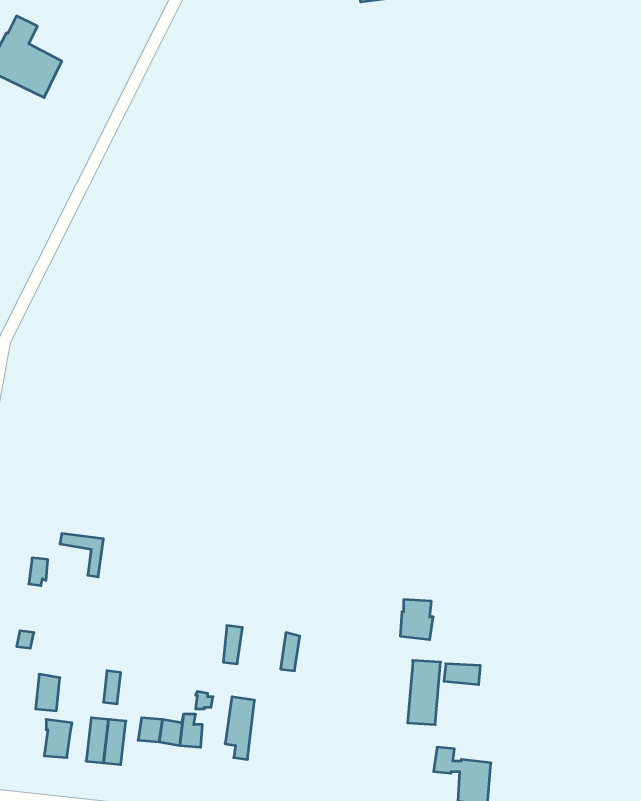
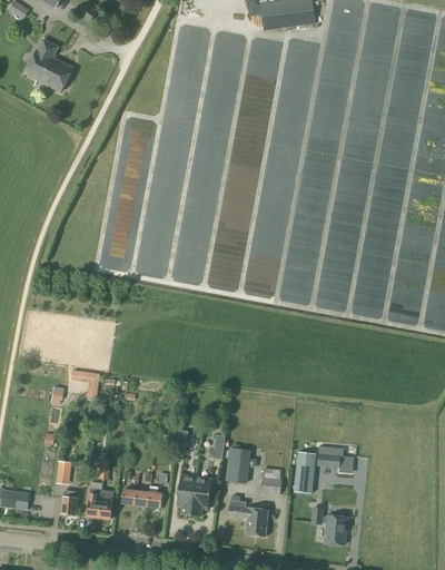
building: [400,600,433,640] -> [260,469,281,494]
building: none -> [226,448,248,483]
building: none -> [191,478,211,517]
building: none -> [229,495,269,537]

